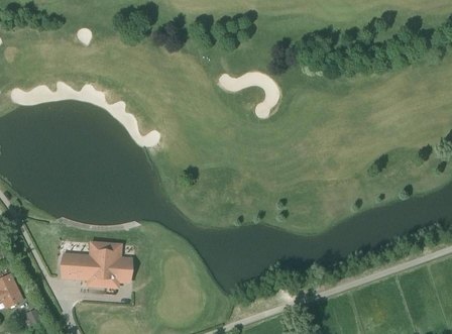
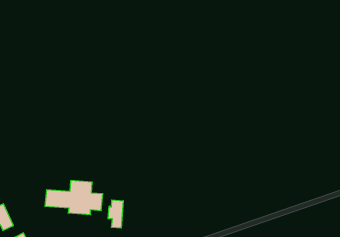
building: none -> [108,200,123,228]

